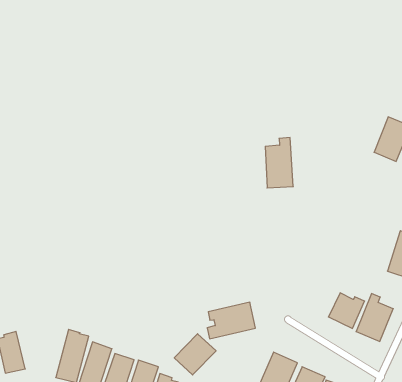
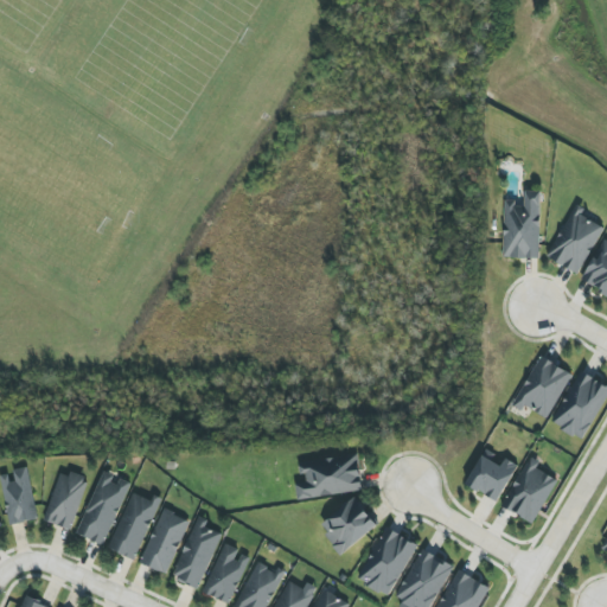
building: [265,138,293,188] -> [503,191,541,260]
building: none -> [516,357,571,420]
building: none -> [44,471,89,530]
building: [174,334,216,375] -> [319,498,378,555]

